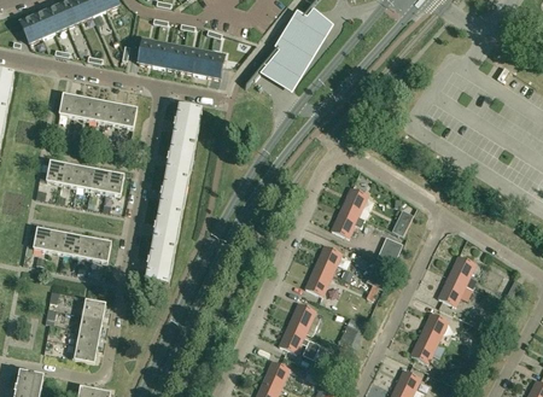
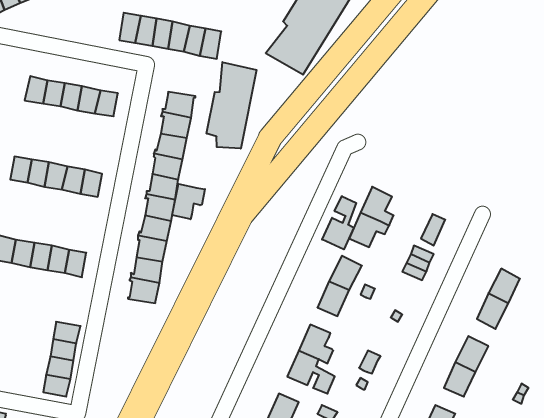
building: none -> [207,62,257,149]
building: none -> [172,184,205,219]
building: none -> [322,196,356,249]

